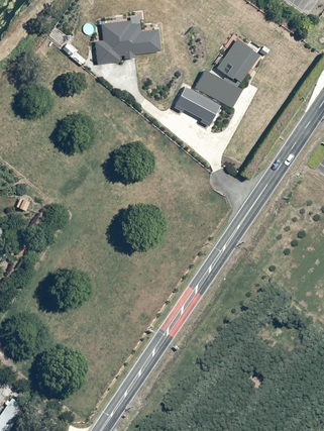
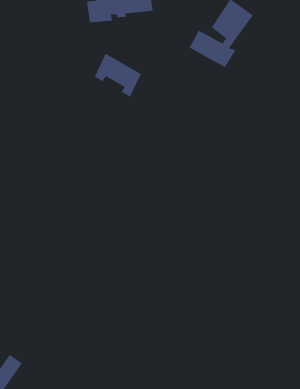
building: [174,84,221,128] -> [94,53,142,97]

